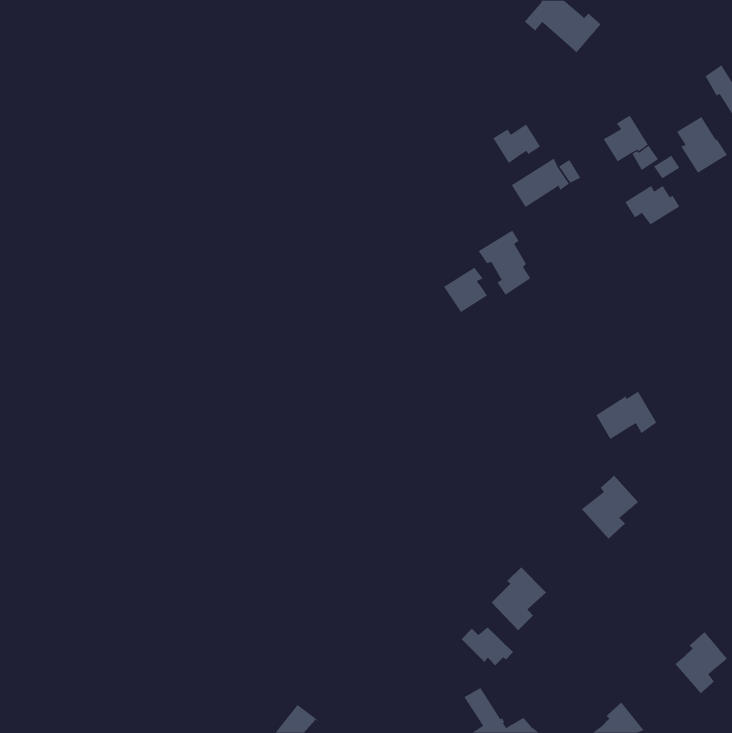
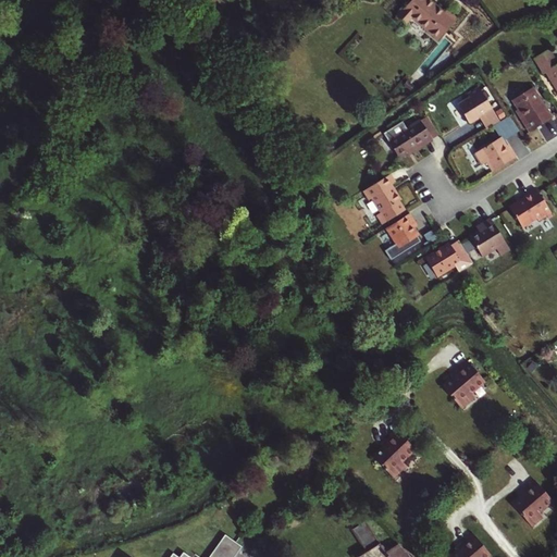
building: [493,123,541,164] -> none
building: none -> [510,188,552,227]
building: [443,267,488,313] -> [386,213,420,248]
building: none -> [470,218,509,257]
building: [595,391,657,440] -> [426,239,473,276]
building: [461,626,514,666] -> none

